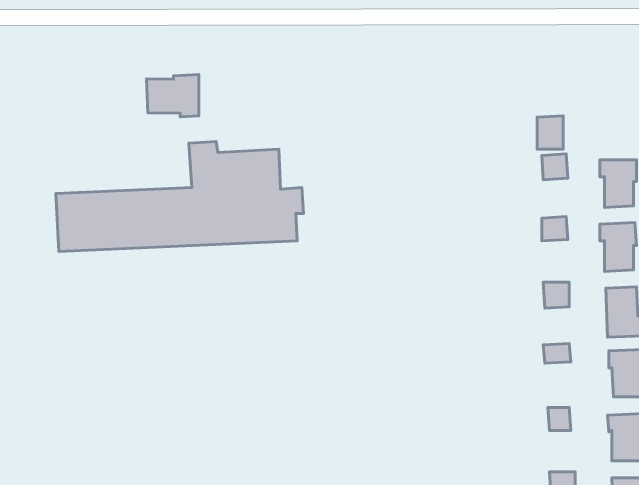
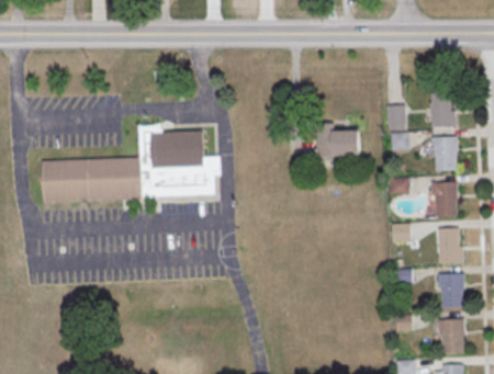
building: [146,75,199,117] -> none
building: none -> [431,92,456,128]
building: none -> [315,123,360,157]

